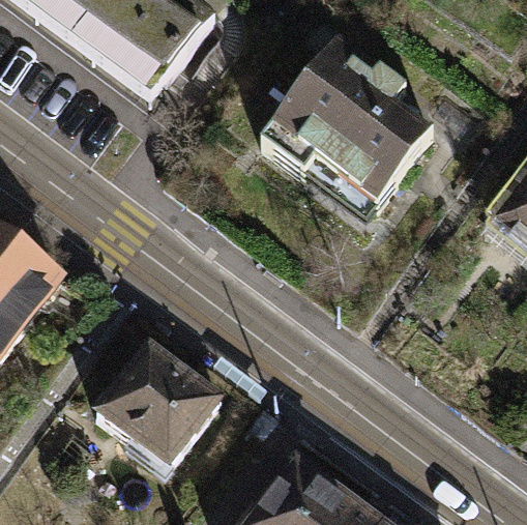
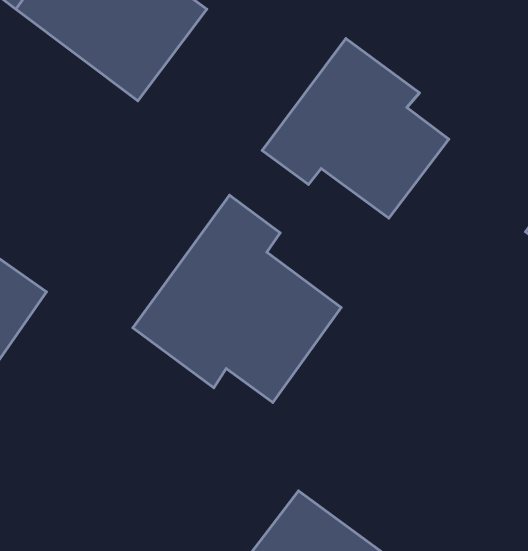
building: none -> [133,195,341,402]
building: [96,338,221,460] -> none

